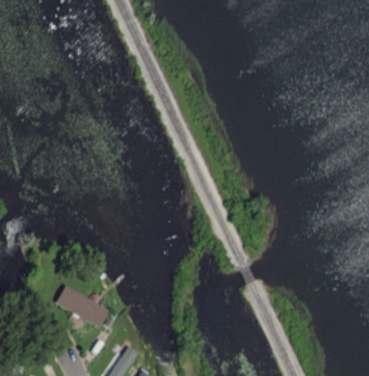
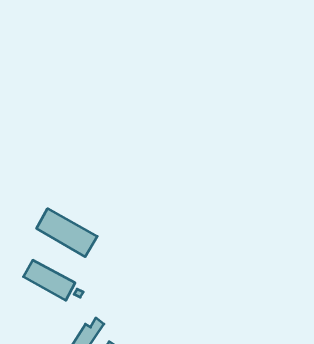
building: none -> [37,209,97,257]

